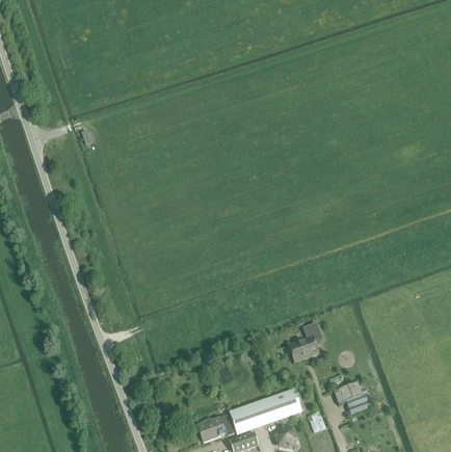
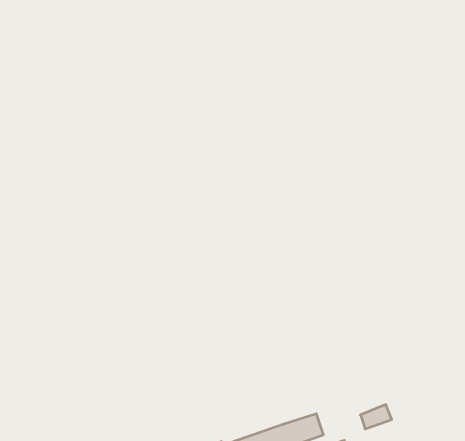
building: [289,323,322,362] -> none

